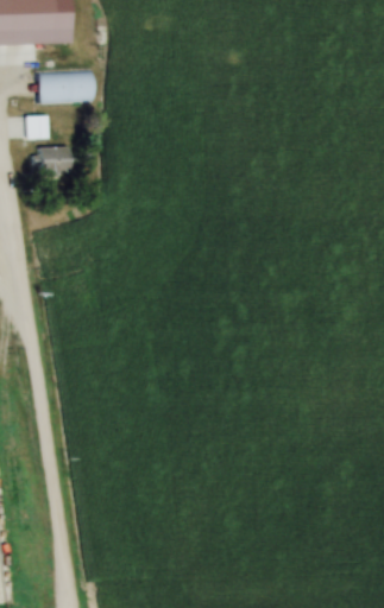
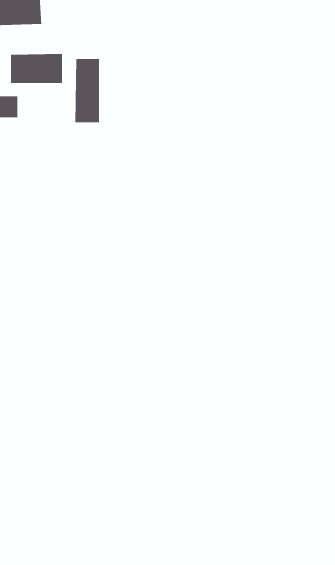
building: none -> [74,58,100,123]
building: [40,147,69,171] -> none

